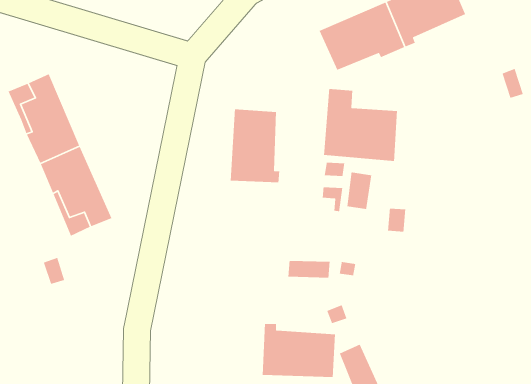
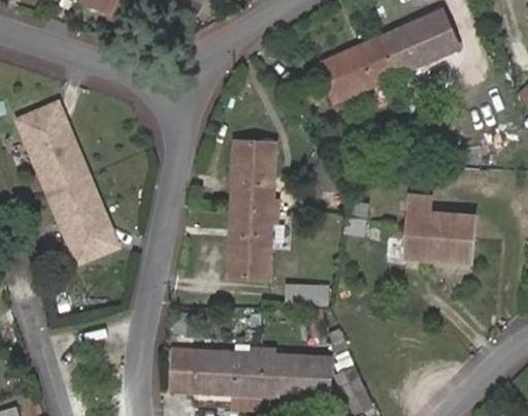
building: [323,88,398,162] -> [402,192,474,263]
building: none -> [227,209,277,280]
building: none -> [171,345,263,396]

